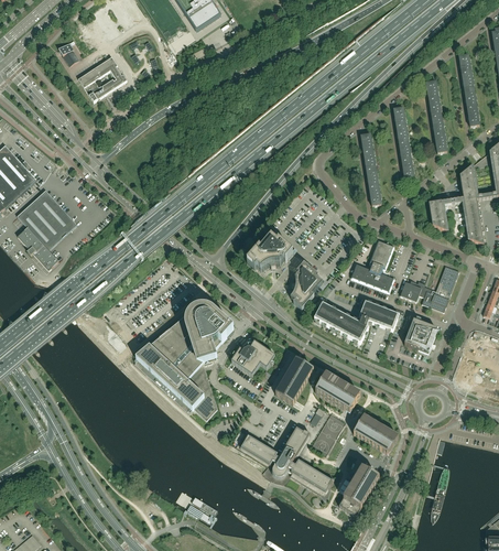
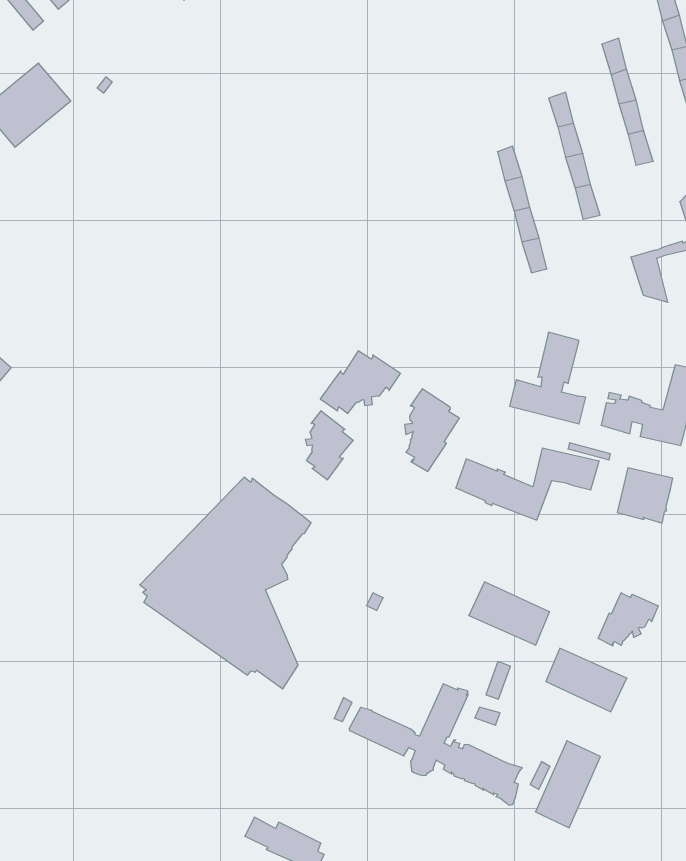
building: none -> [305,411,353,480]
building: [231,341,275,374] -> none
building: [274,358,312,403] -> none
building: none -> [598,593,658,646]

